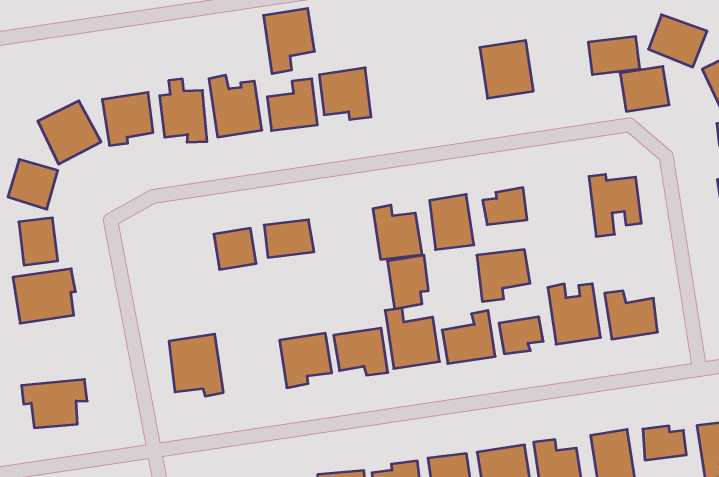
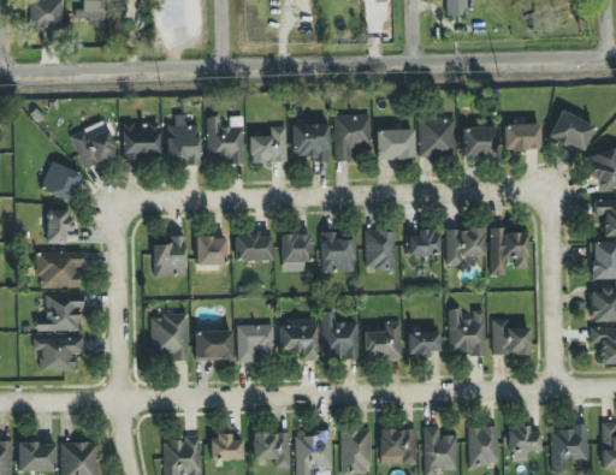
building: [263,8,315,74] -> [334,114,371,161]
building: none -> [377,129,414,159]
building: [620,66,669,111] -> [462,126,497,158]
building: none -> [153,236,186,275]
building: [477,250,530,301] -> [445,228,484,265]
building: [387,255,428,309] -> [282,233,310,272]
building: none -> [36,293,82,331]
building: none -> [195,329,232,360]

